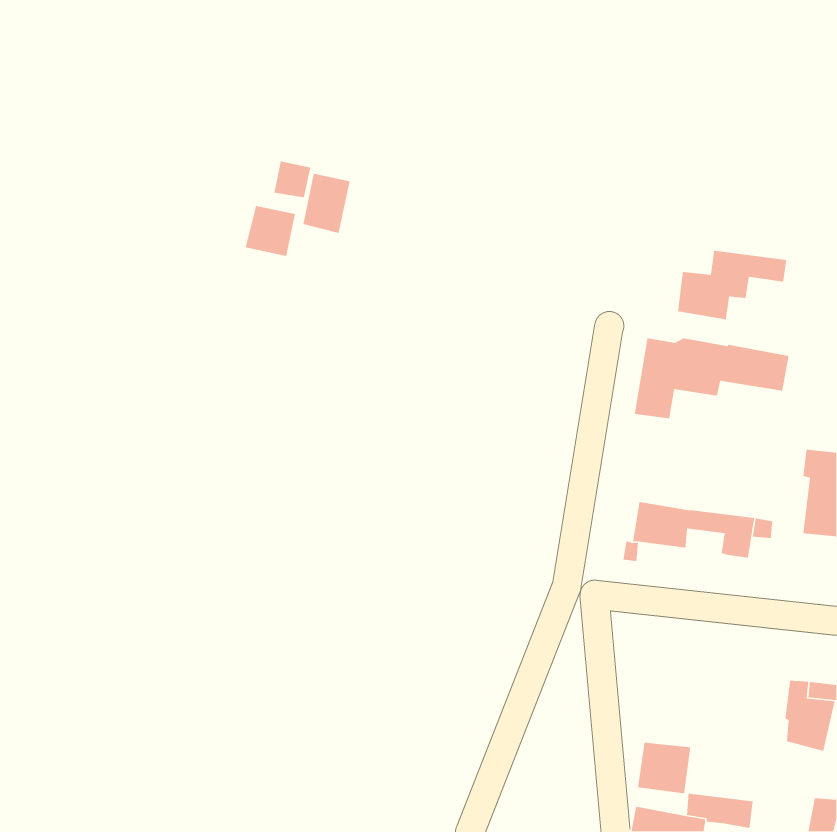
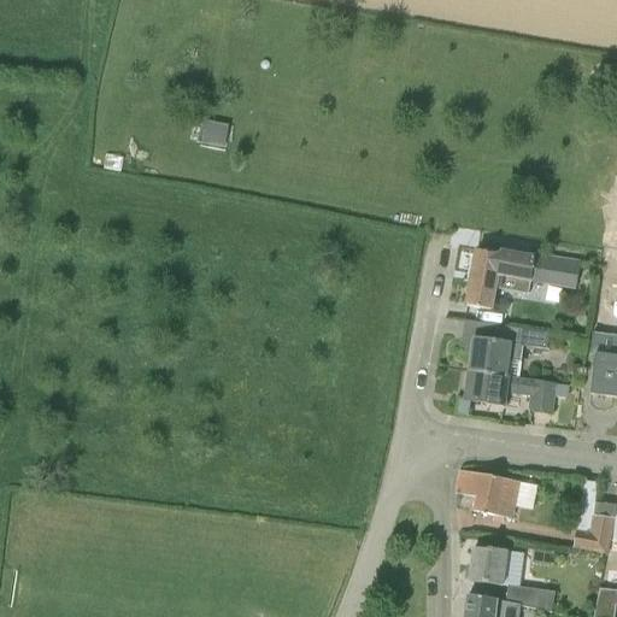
building: [302,173,350,234] -> none
building: [245,205,296,257] -> none
building: [677,250,787,320] -> [470,323,551,375]
building: none -> [456,469,519,517]

